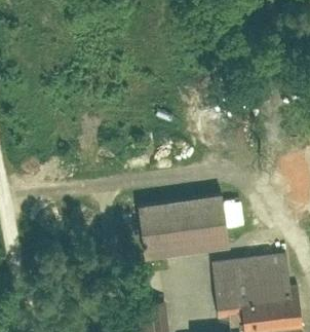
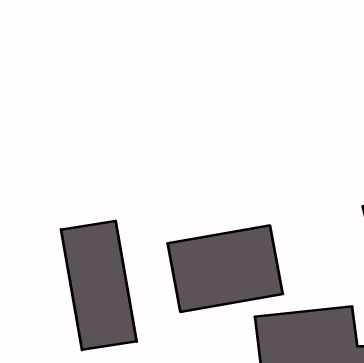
building: none -> [61,221,137,350]

